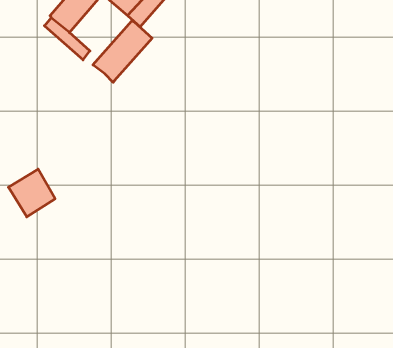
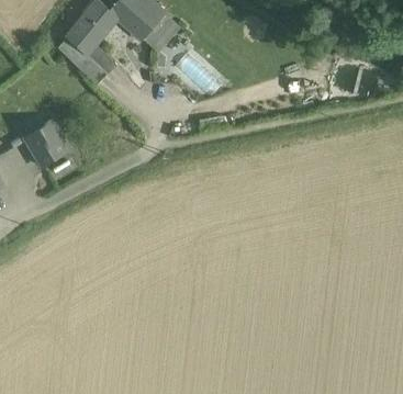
building: [93,21,152,82] -> none
building: [8,169,55,217] -> [24,121,69,167]

